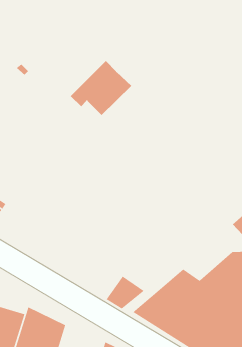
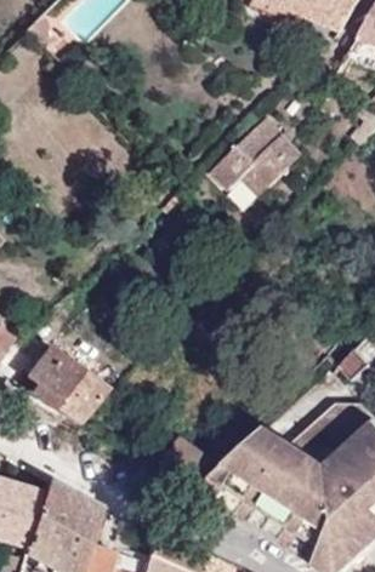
building: [70,60,132,116] -> [215,122,303,201]
building: none -> [24,344,102,424]

